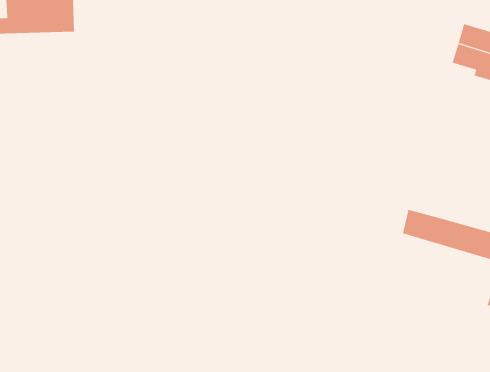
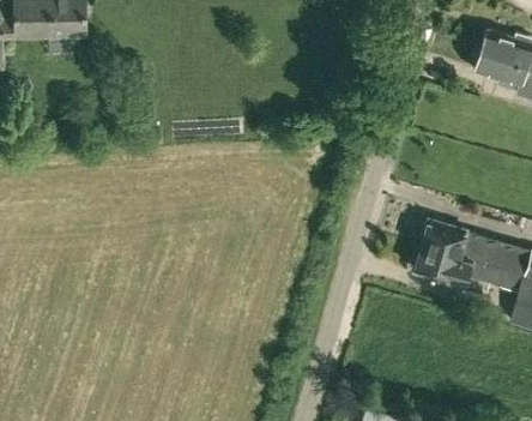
building: none -> [416,246,503,285]

